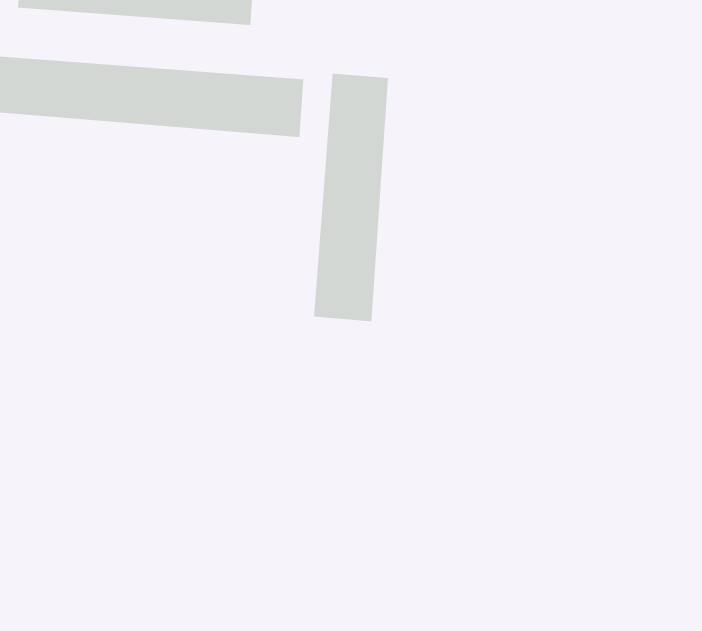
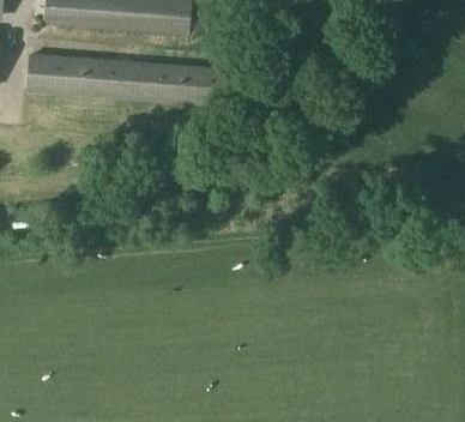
building: [313,73,389,322] -> none

